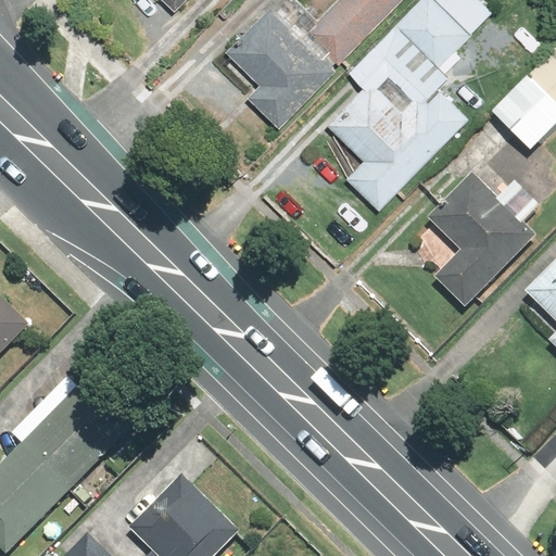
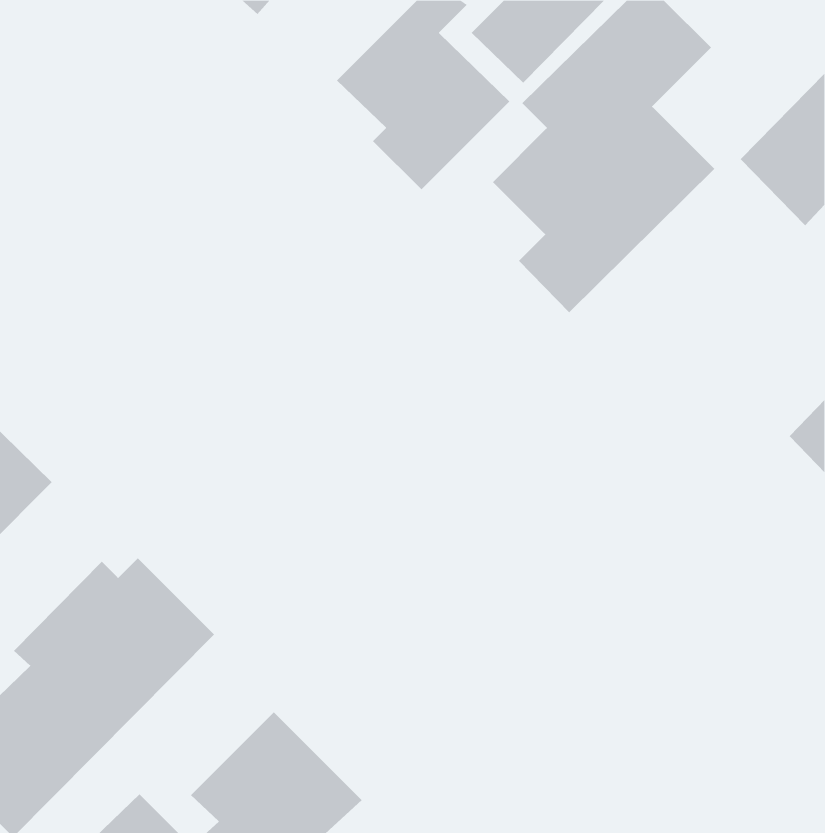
building: [422,170,538,313] -> none

